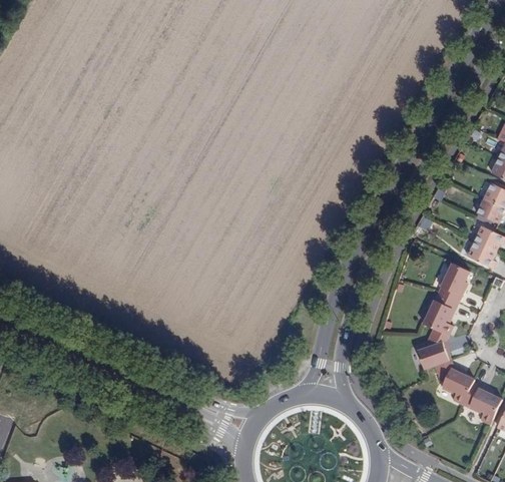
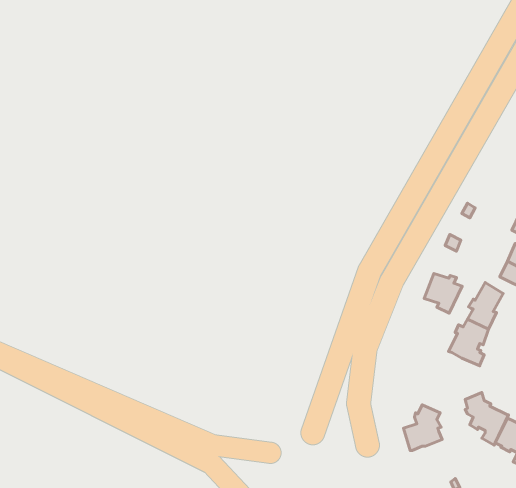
building: none -> [424,273,462,313]
building: [416,328,451,369] -> [403,405,442,451]

